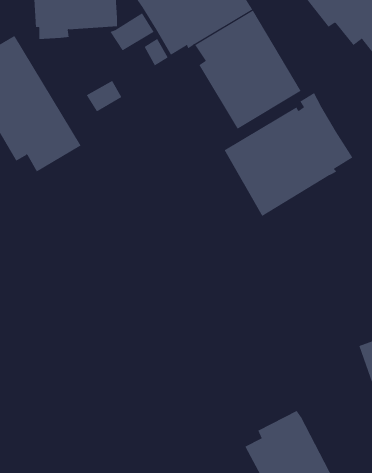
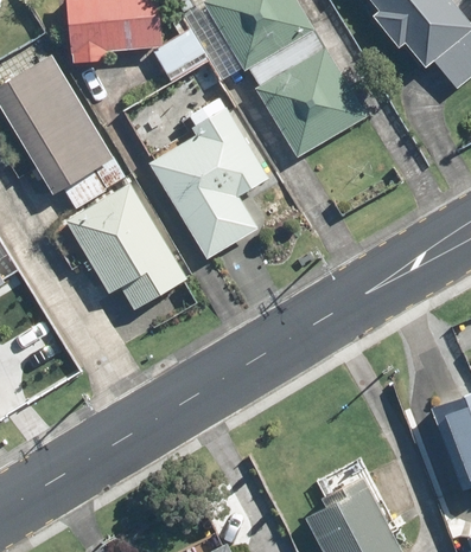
building: none -> [149,98,267,258]
building: [224,92,353,217] -> none
building: none -> [65,182,186,309]

